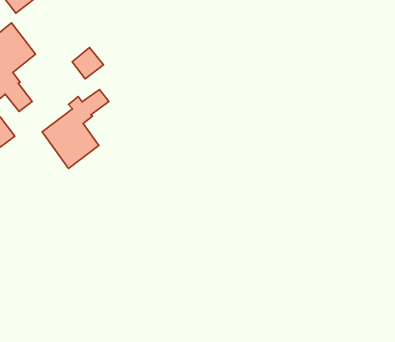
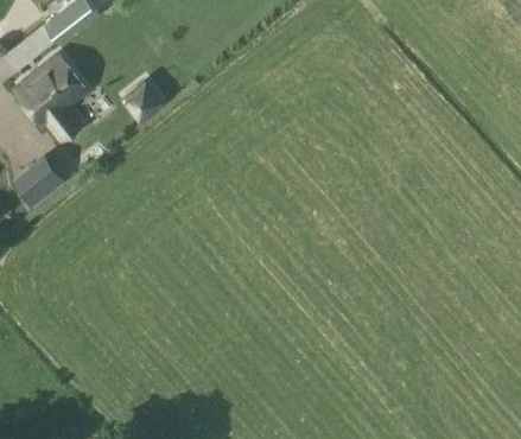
building: [42,89,109,169] -> none

